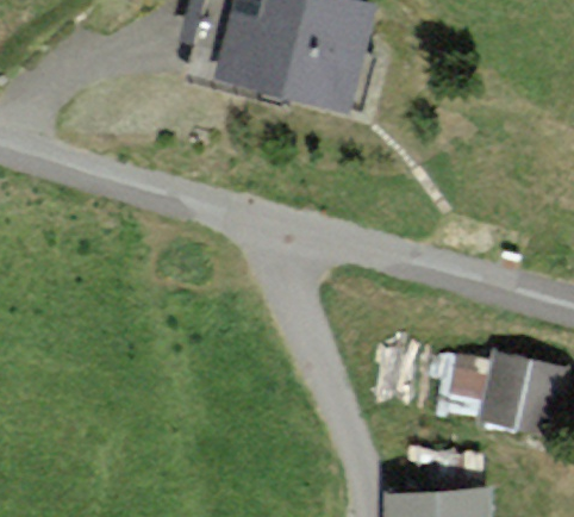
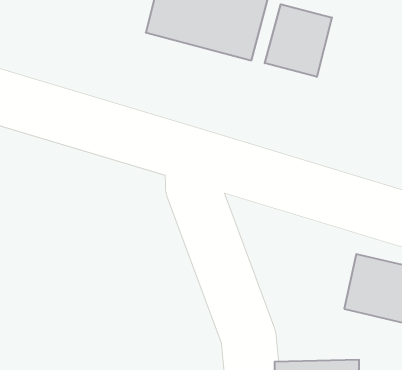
building: none -> [265,4,332,77]

